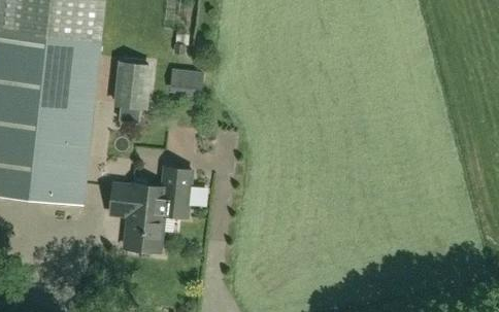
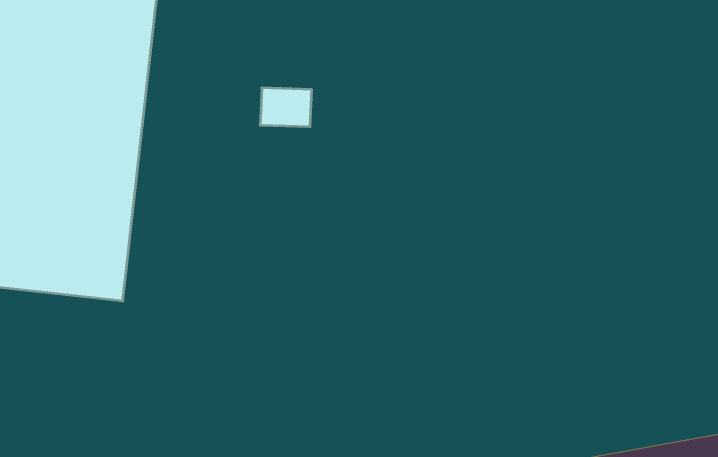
building: [117,63,147,108] -> none
building: [110,169,192,252] -> none

